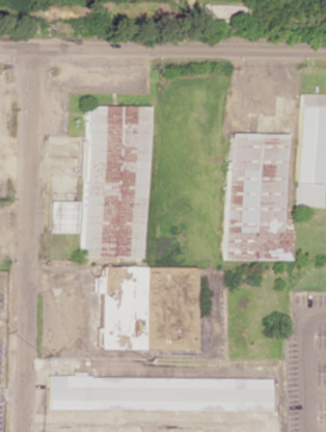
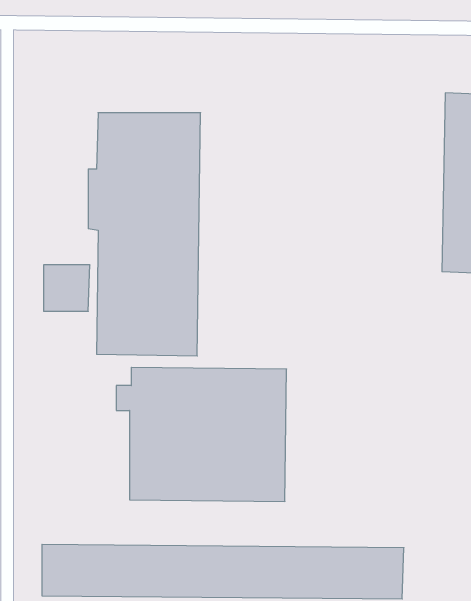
building: [230,134,298,261] -> none

